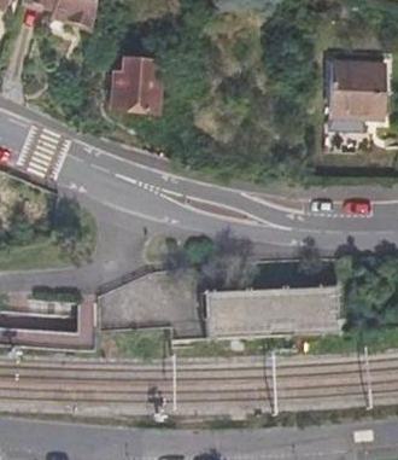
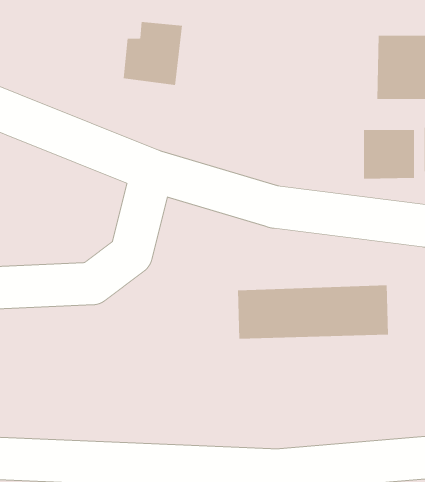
building: none -> [364,129,414,180]

